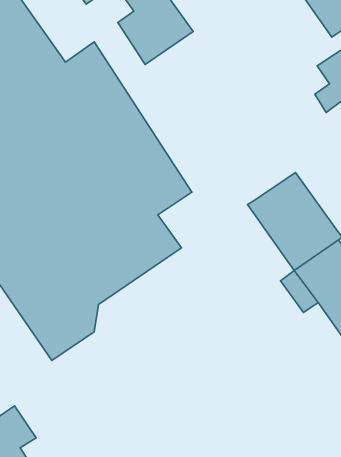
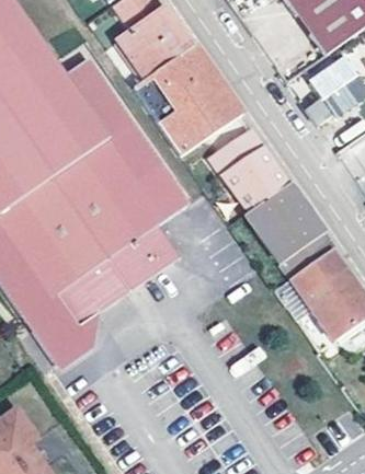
building: none -> [134,41,244,152]
building: none -> [209,125,289,208]

